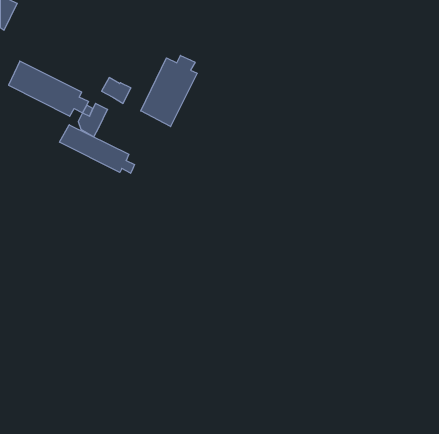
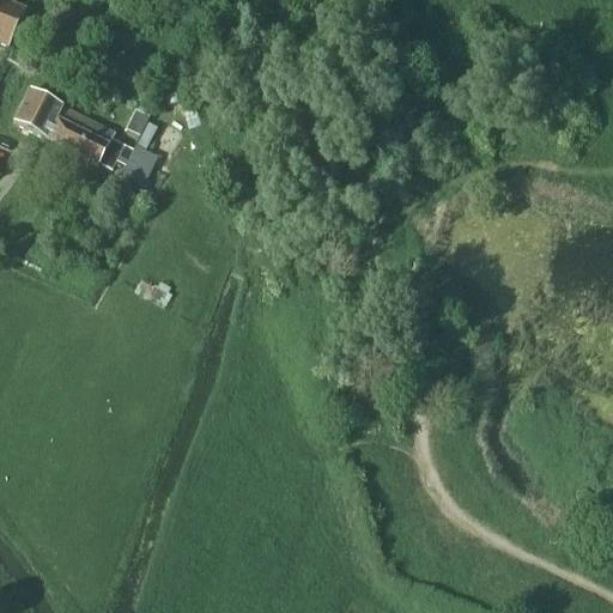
building: [141,55,197,127] -> none
building: [60,125,135,173] -> none

